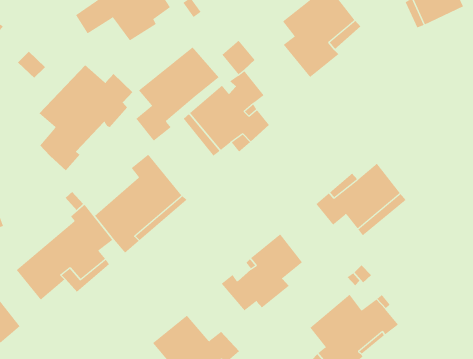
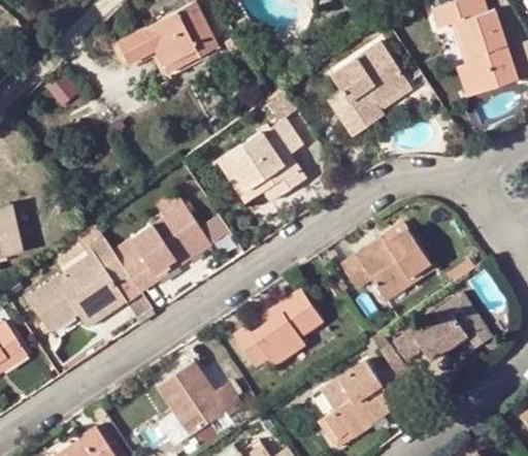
building: [135,47,220,141] -> none
building: [38,64,133,171] -> none
building: none -> [394,314,491,360]

